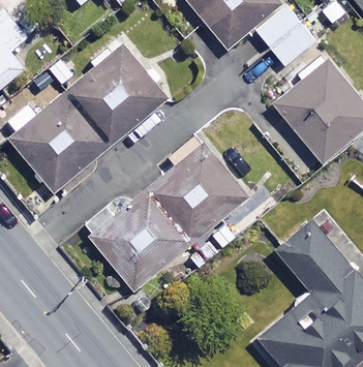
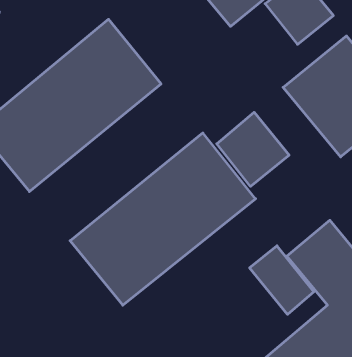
building: none -> [217,112,289,186]
building: none -> [250,246,314,314]

